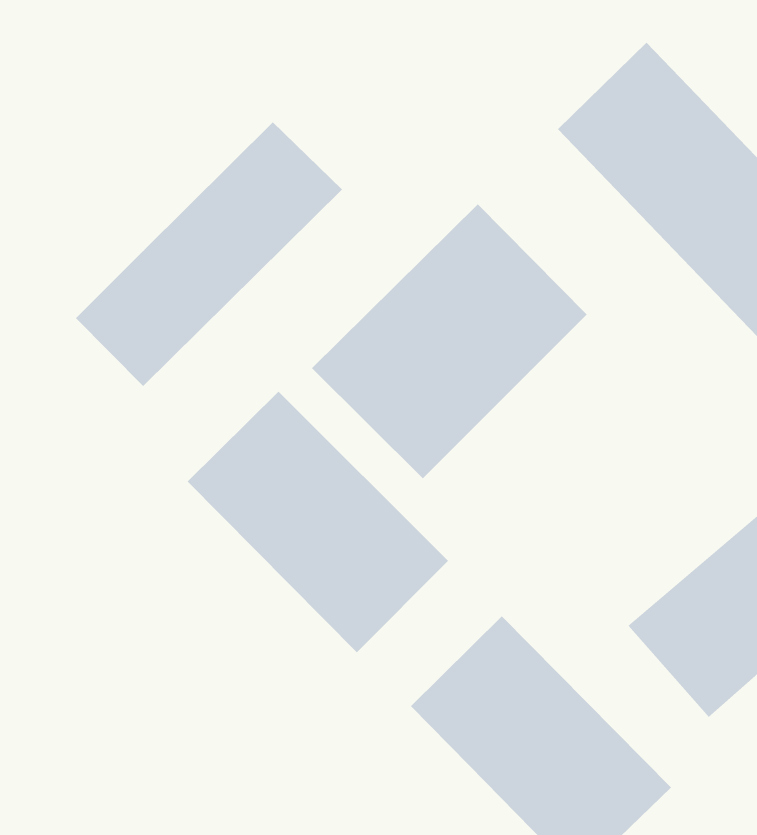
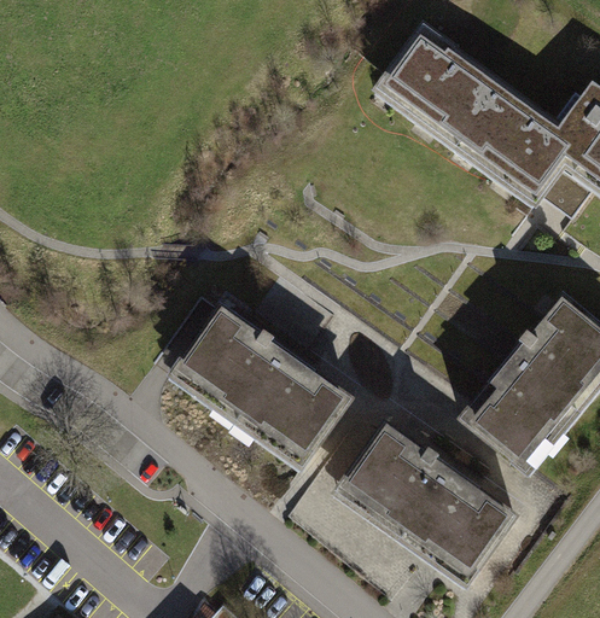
building: [75,121,343,387] -> none
building: [311,203,587,479] -> none

